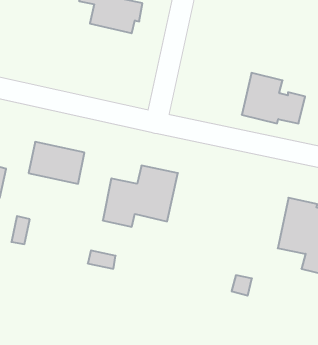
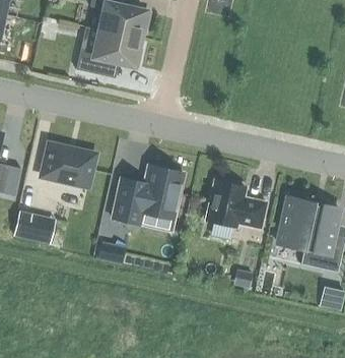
building: none -> [76,32,141,75]
building: [242,73,305,123] -> [206,180,266,228]

